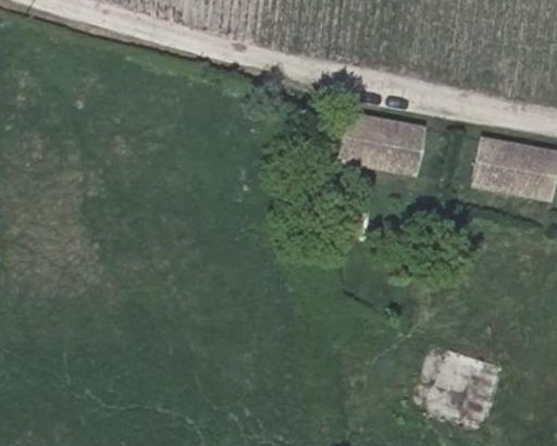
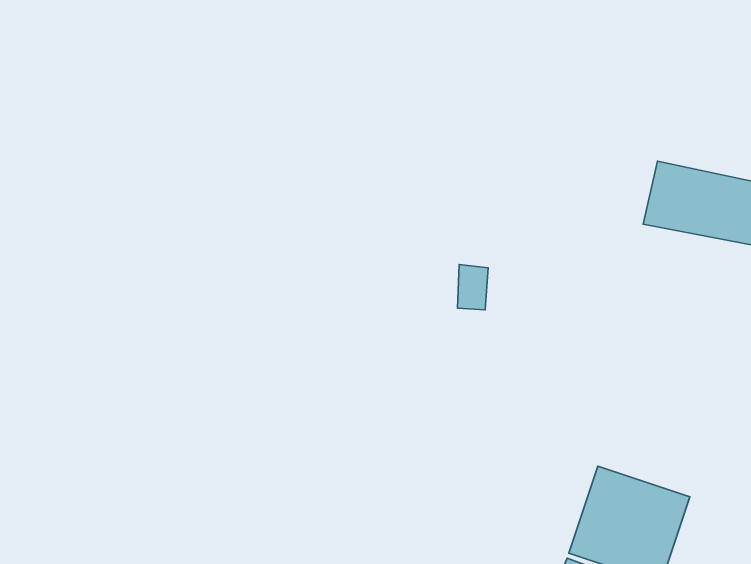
building: [344,114,425,170] -> none

